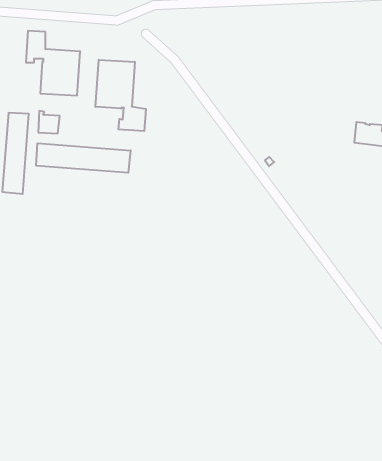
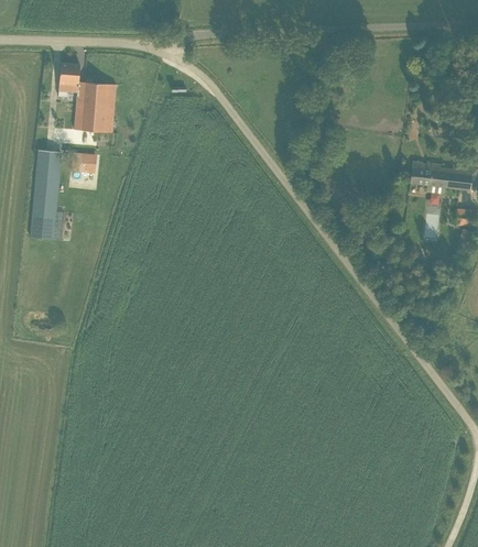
building: [96,60,146,131] -> none
building: [36,143,131,173] -> none

